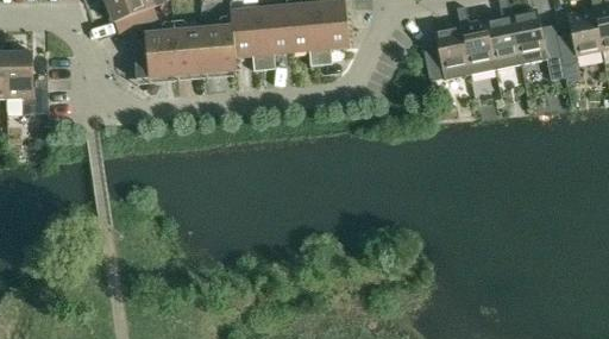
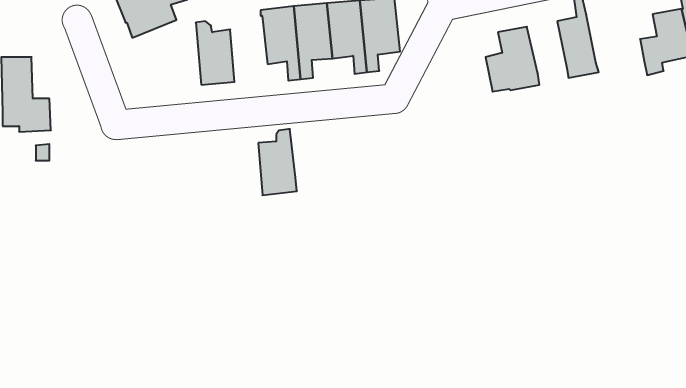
building: [457,7,495,75] -> none
building: [510,10,563,69] -> none
building: [203,15,237,73] -> [258,129,297,195]
building: [132,21,178,79] -> none

